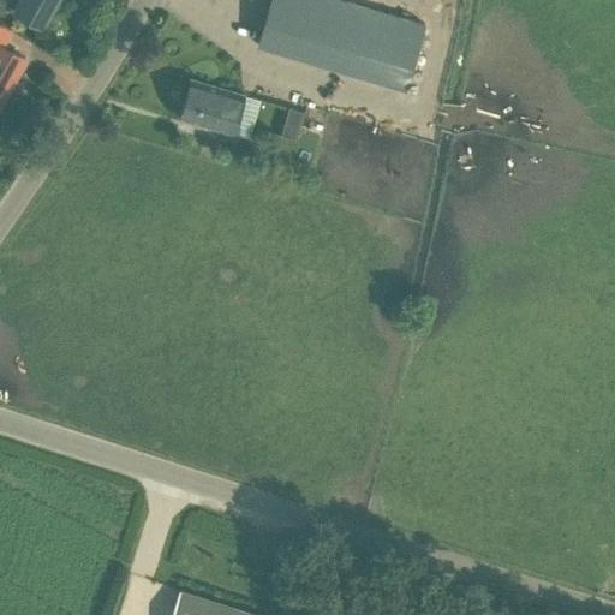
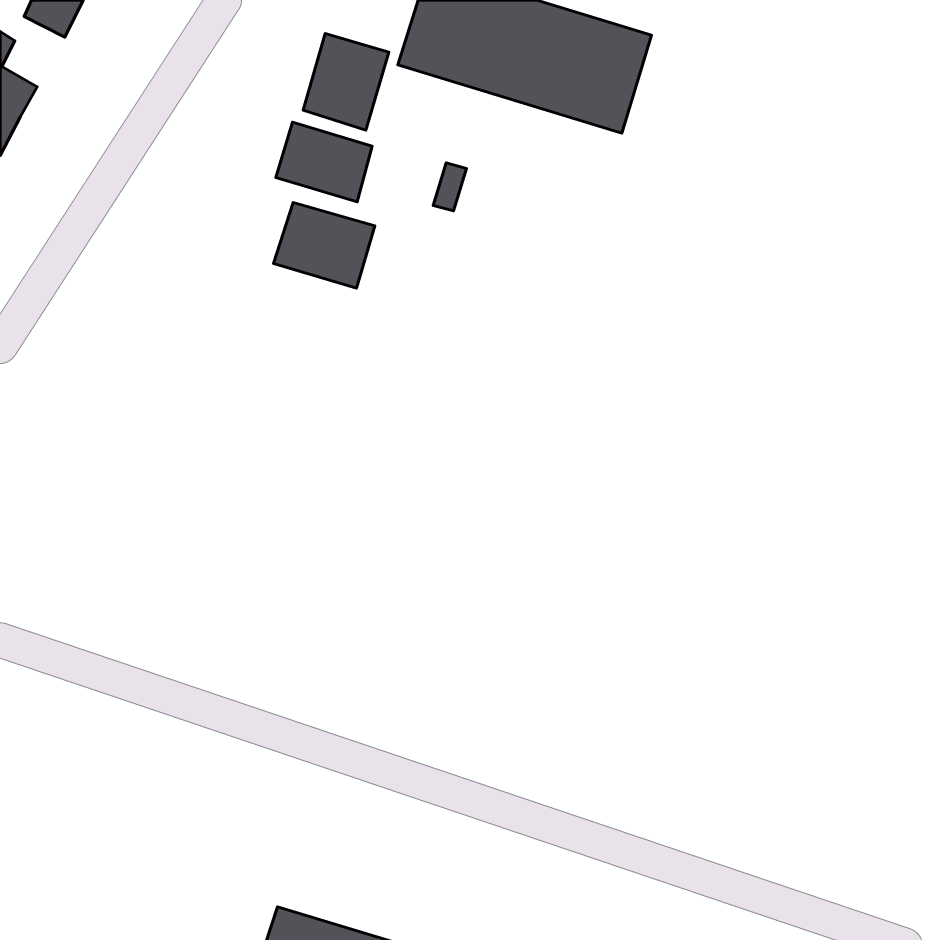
building: none -> [303,34,389,130]
building: none -> [273,202,375,288]

